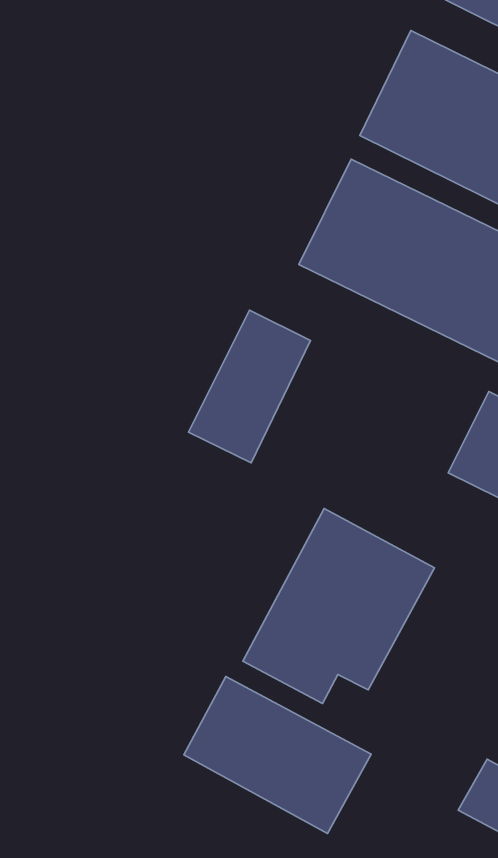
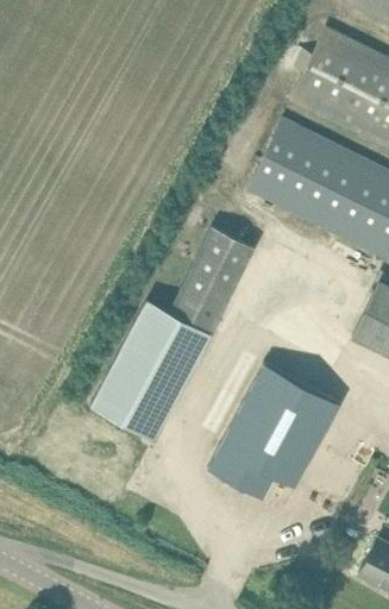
building: none -> [90,300,212,441]
building: [184,677,371,834] -> none

